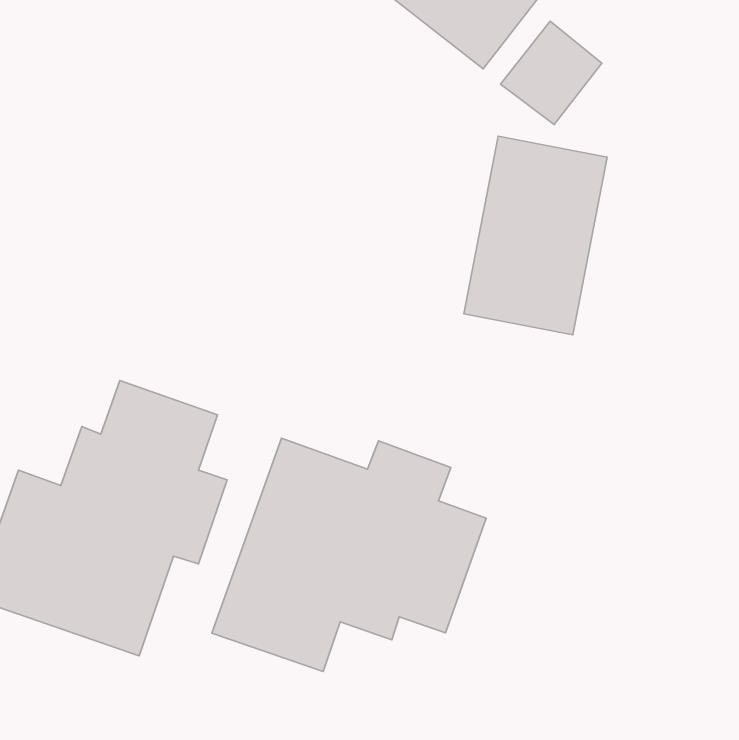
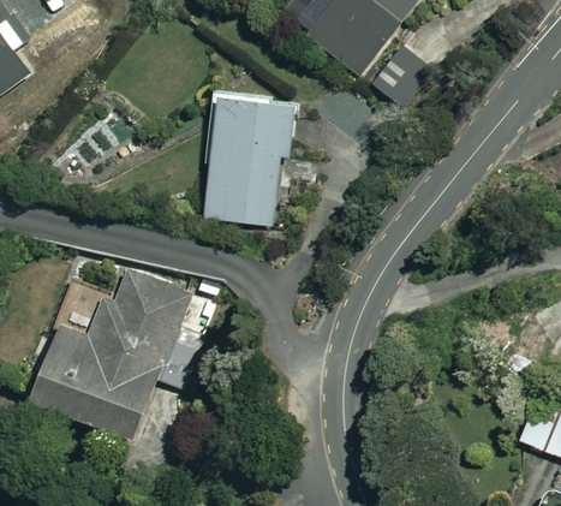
building: [464,136,607,335] -> [203,101,293,226]
building: [212,438,486,672] -> none

